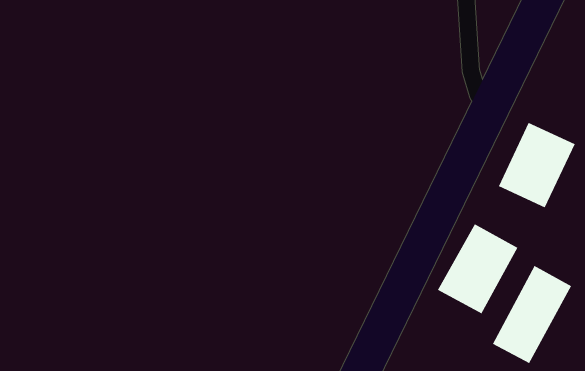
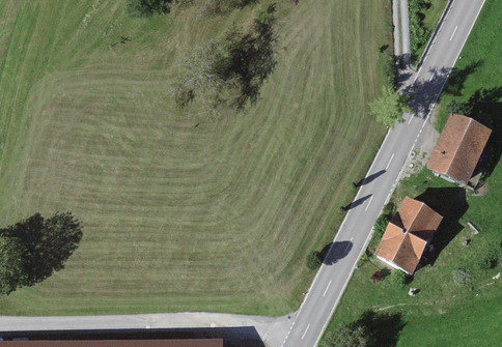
building: [492,265,572,364] -> none

